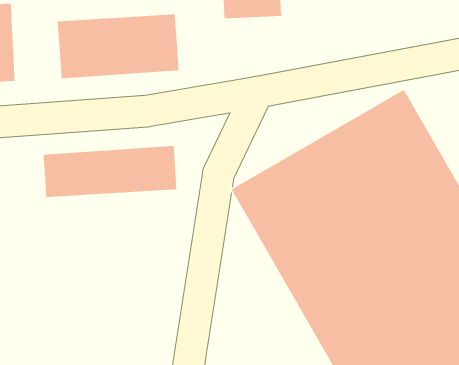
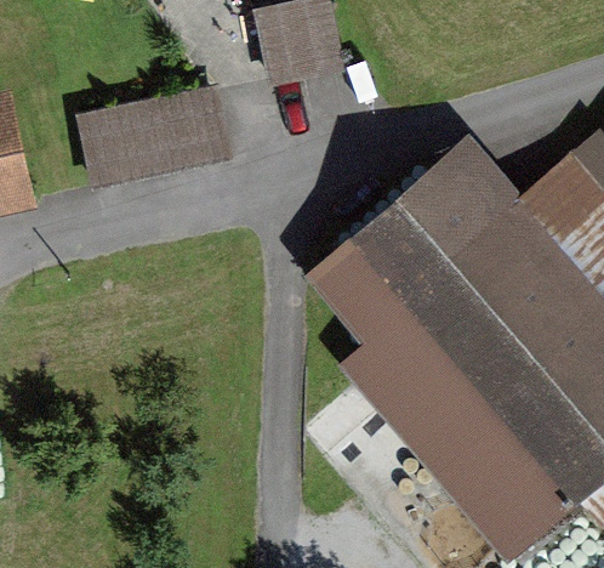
building: [43,145,177,198] -> none

